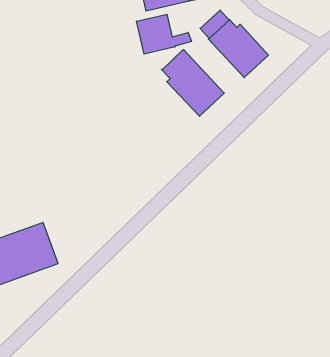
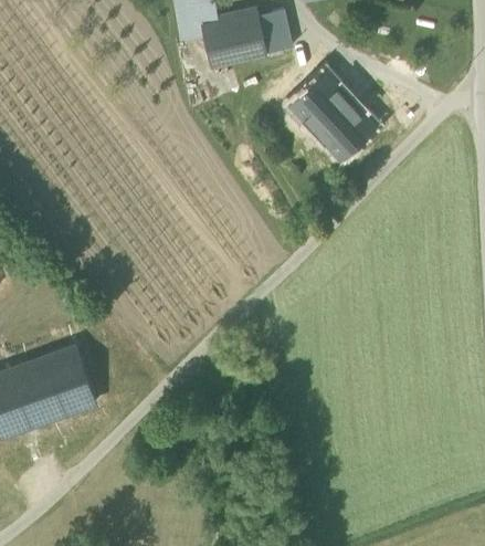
building: [137,14,191,54] -> none
building: [161,50,224,116] -> none

